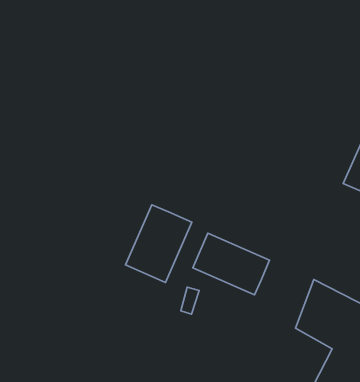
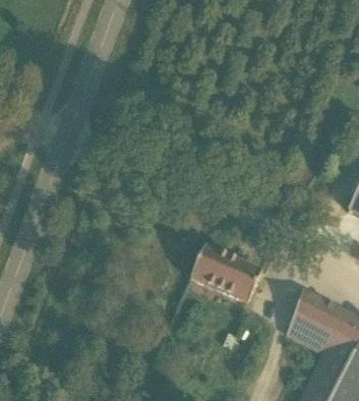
building: [126,205,192,283] -> none

